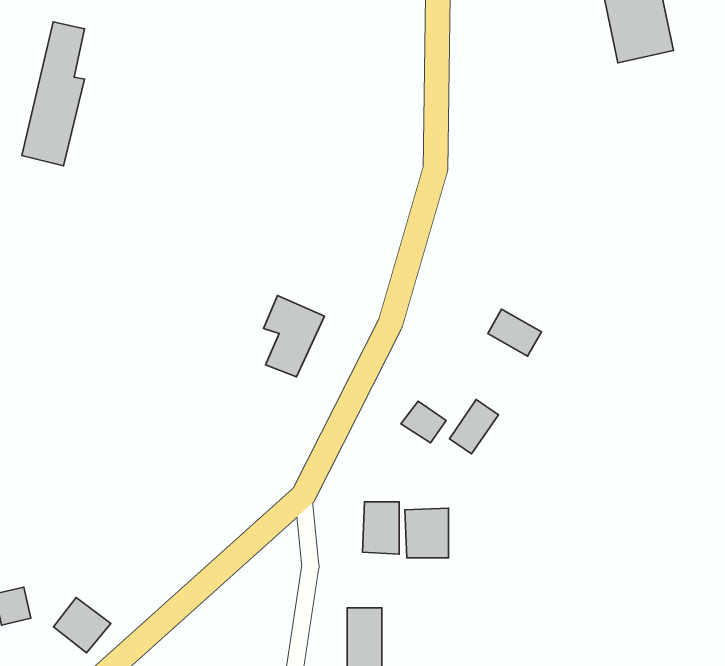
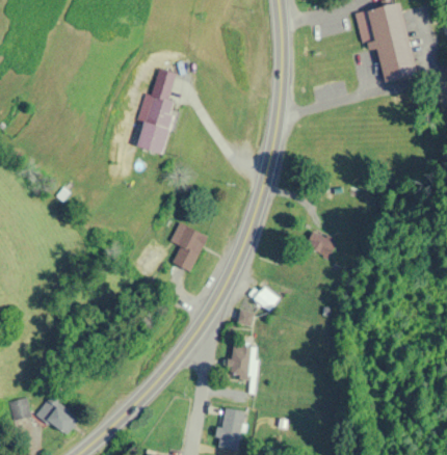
building: [22,22,84,166] -> [138,68,176,154]
building: [449,400,499,454] -> none
building: [405,508,448,558] -> none

